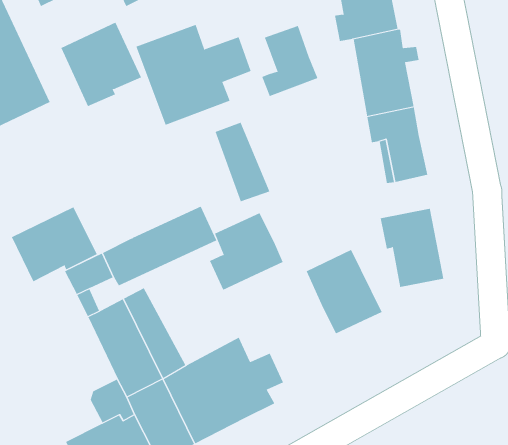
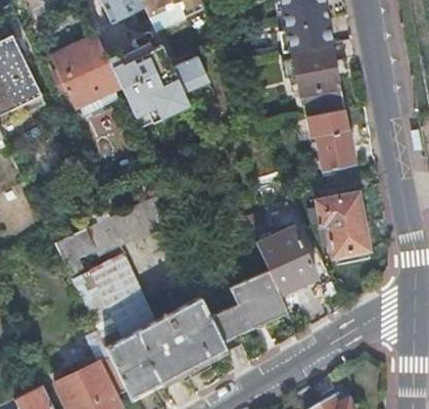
building: [262,25,318,97] -> none
building: [215,122,270,202] -> none
building: [11,207,97,282] -> none
building: [209,213,283,290] -> [226,271,287,335]

